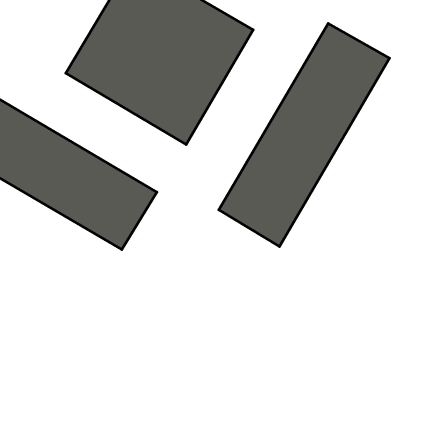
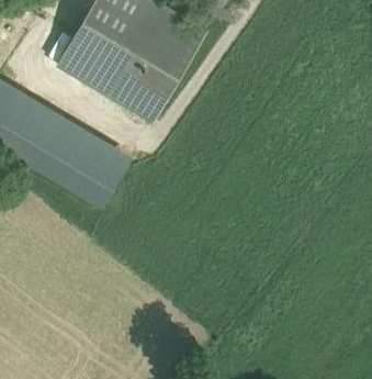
building: [219,24,390,246] -> none

